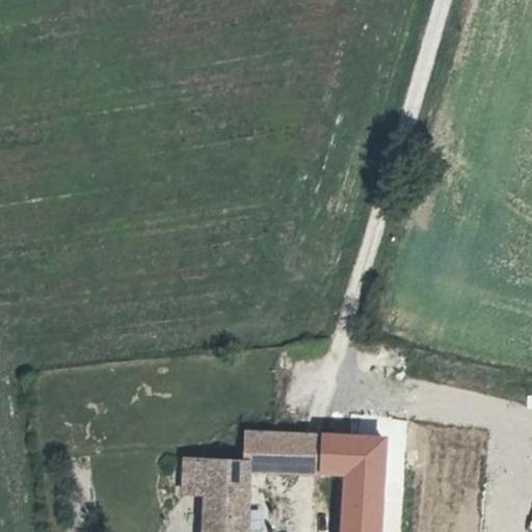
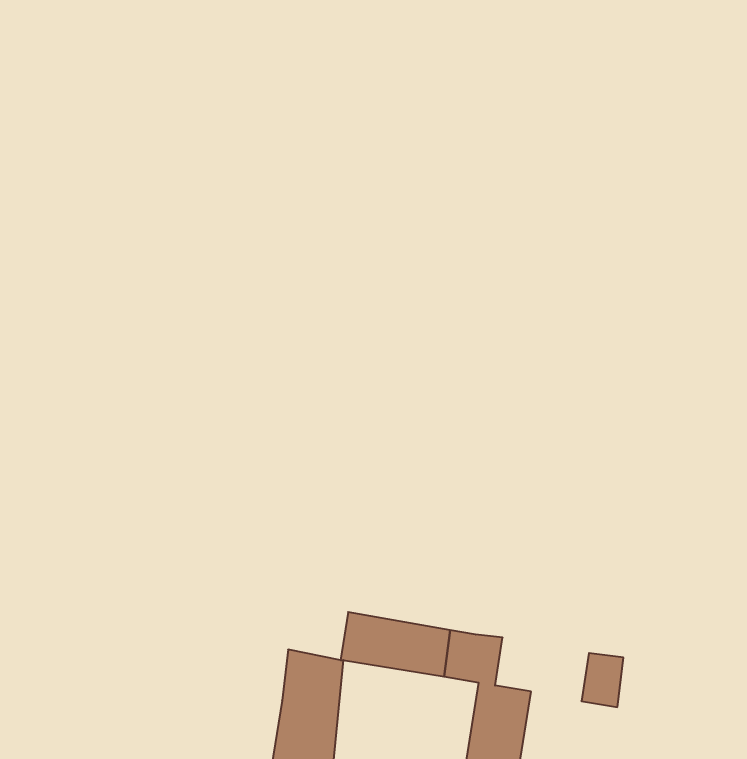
building: [356,447,385,484] -> [581,653,623,707]
building: [182,451,213,490] -> none

